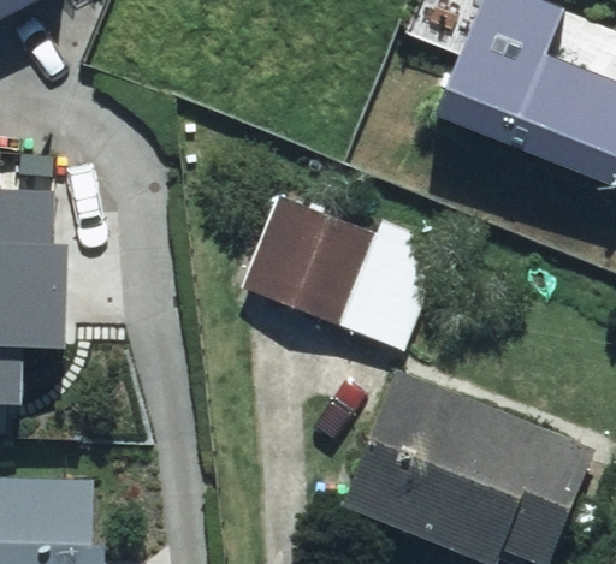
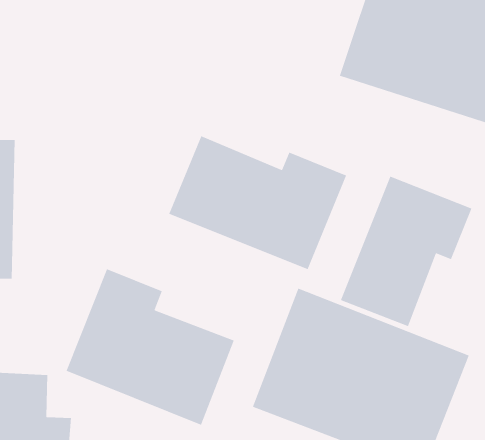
building: none -> [340,176,472,327]
building: none -> [66,268,235,426]

